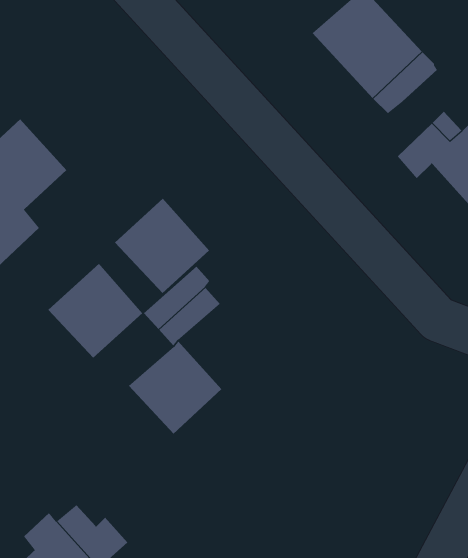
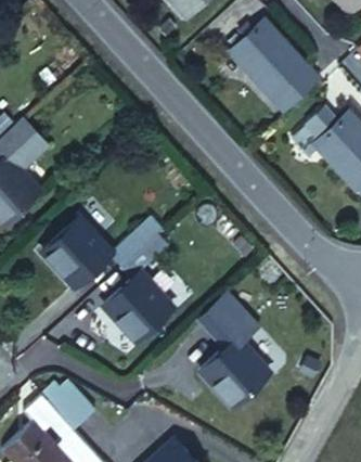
building: [114,198,210,294] -> none
building: none -> [208,298,278,411]

